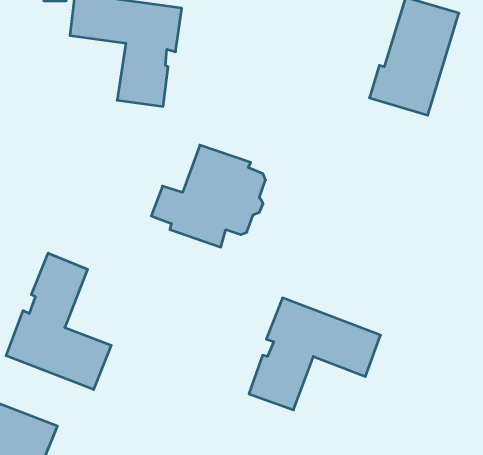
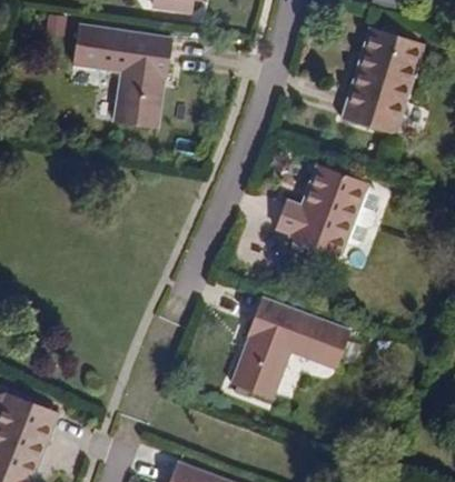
building: [151,145,266,247] -> [275,165,377,257]
building: [6,253,111,390] -> none

